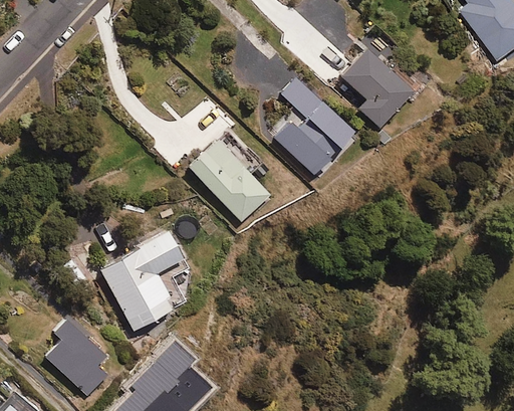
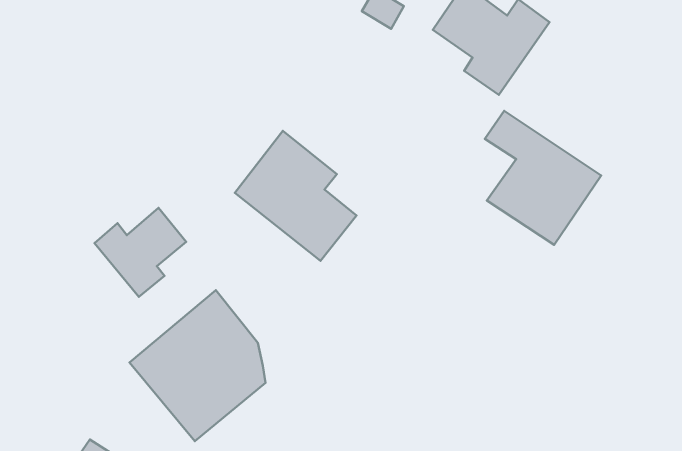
building: [274,78,354,175] -> [485,111,601,245]
building: none -> [94,208,186,297]

